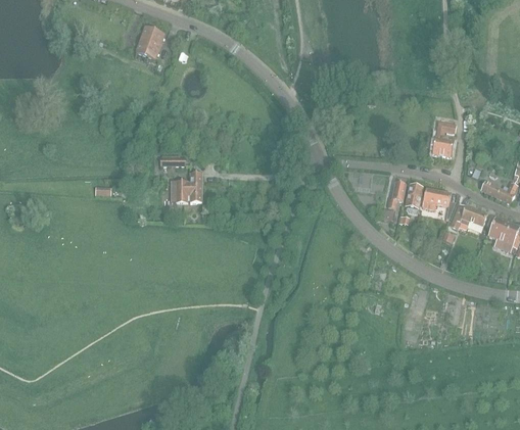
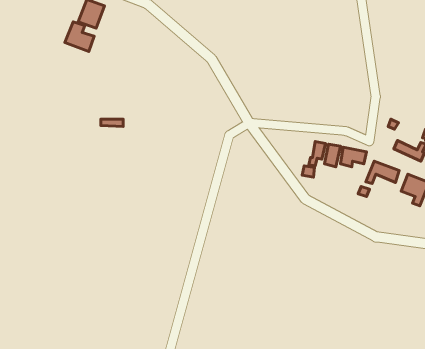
building: none -> [65,22,94,51]
building: [429,122,456,157] -> none
building: [171,173,201,202] -> none

